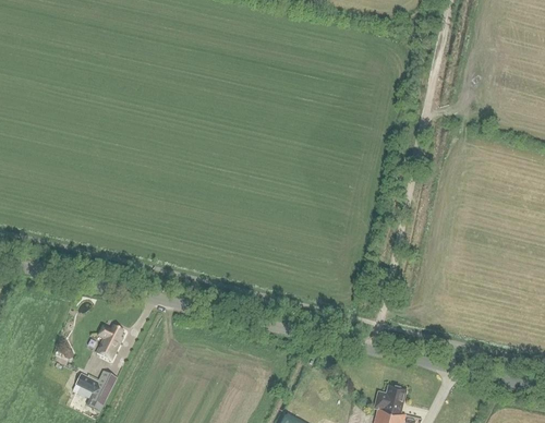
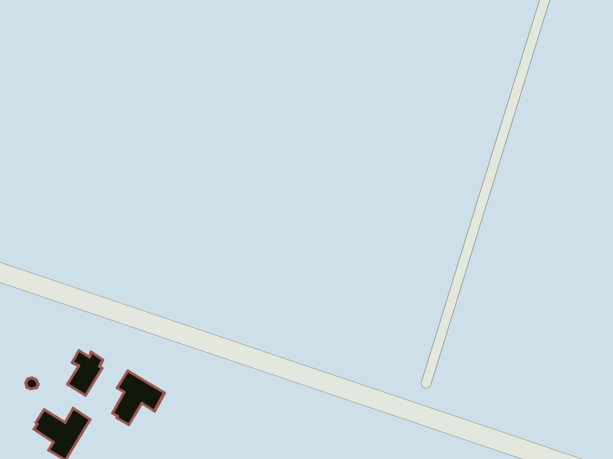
building: none -> [113,371,165,425]

